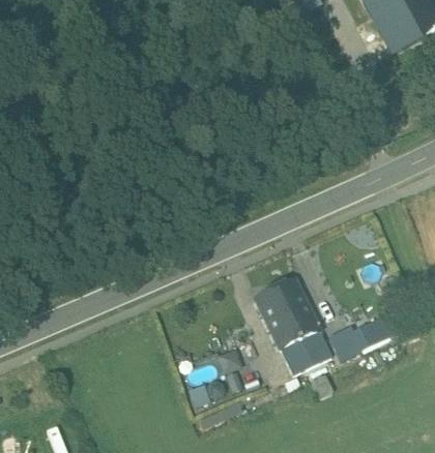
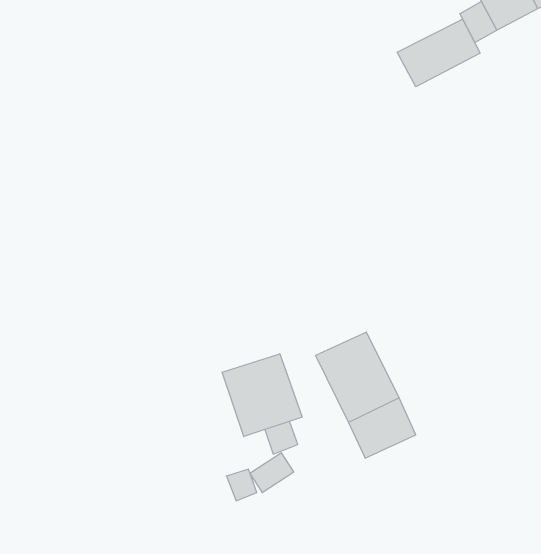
building: none -> [397,19,480,87]
building: none -> [222,354,302,437]
building: [329,316,387,361] -> none

